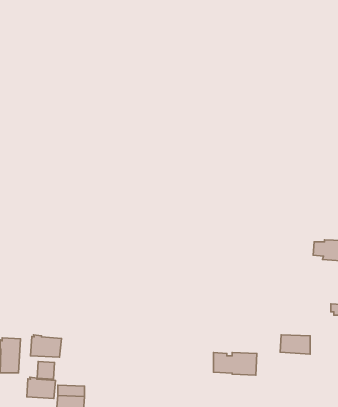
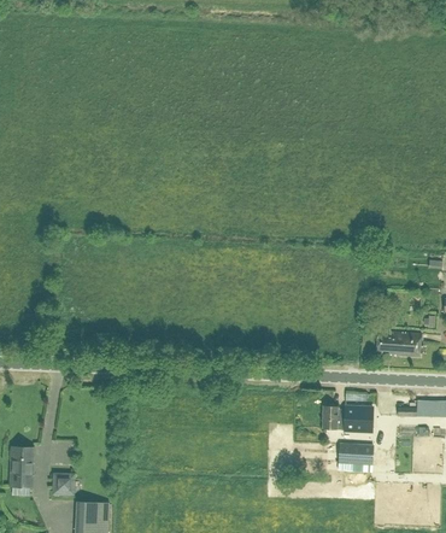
building: [31,335,62,357] -> none
building: [214,353,257,375] -> [322,405,372,432]
building: [27,377,56,398] -> none

